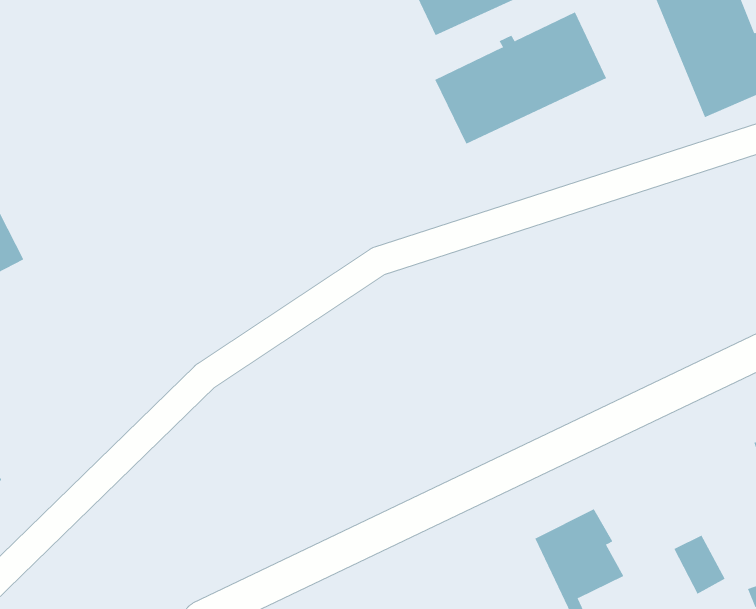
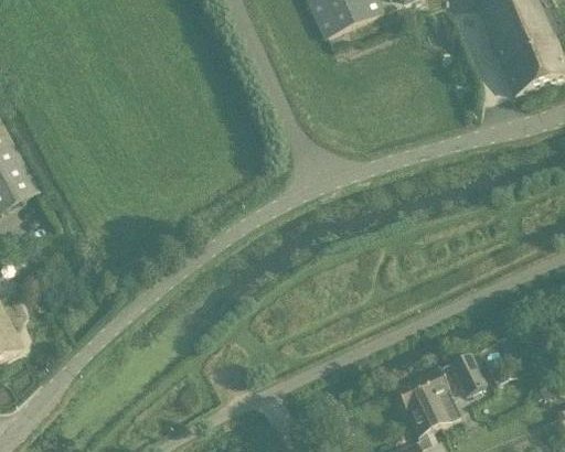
building: [435,11,607,145] -> none
building: [673,535,725,595] -> [449,353,486,395]

